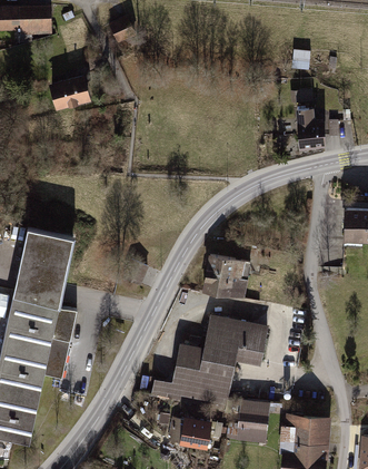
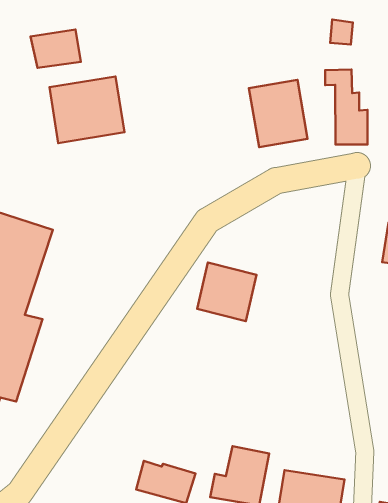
building: none -> [249,80,308,147]
building: none -> [49,77,124,143]
building: [148,311,268,411] -> none

